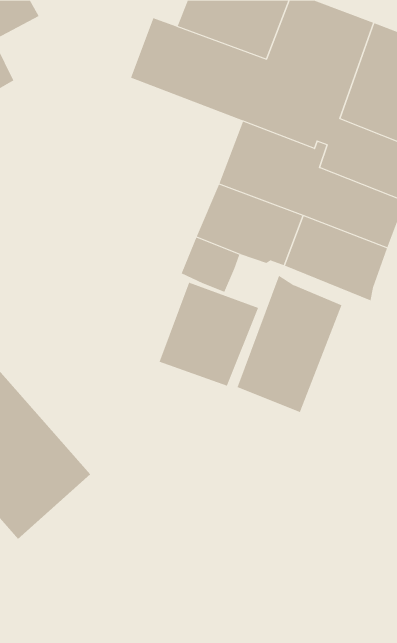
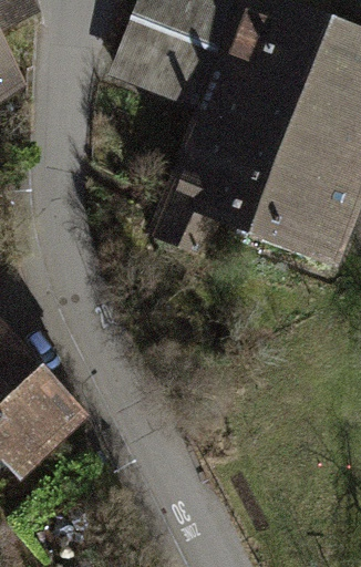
building: [237,275,342,413] -> none
building: [159,282,259,387] -> none

